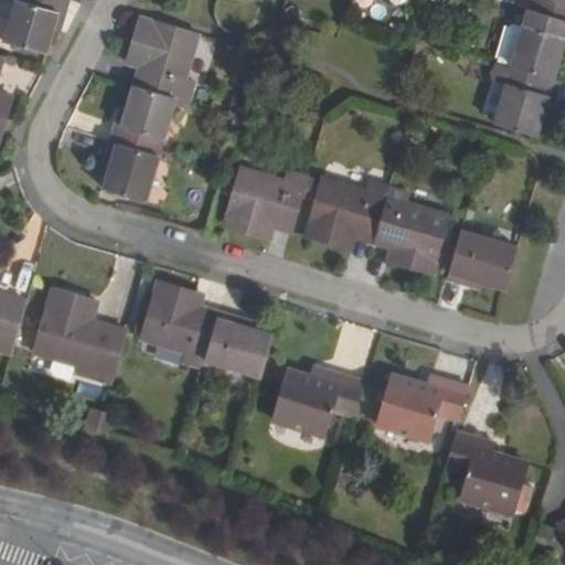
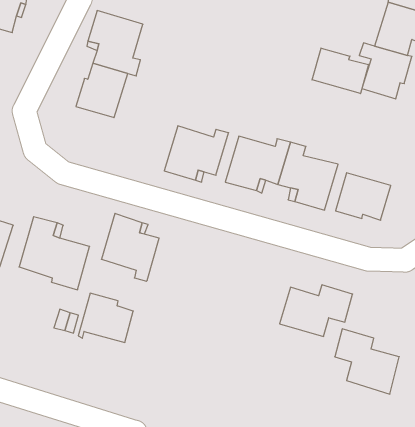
building: none -> [312,48,369,94]
building: [103,141,159,199] -> none
building: [202,312,274,376] -> [78,293,133,342]
building: [271,371,366,438] -> none

